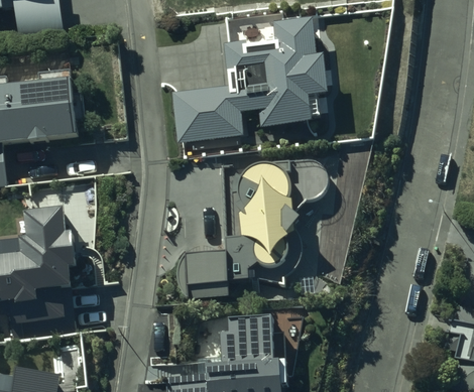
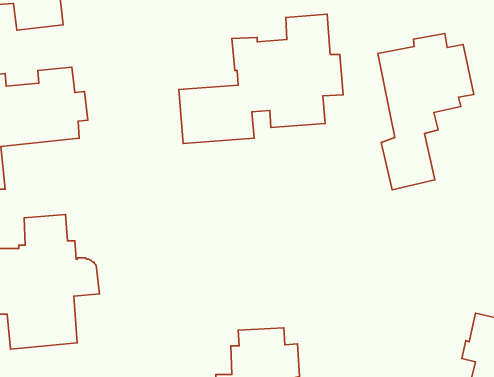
building: none -> [378,33,474,190]
building: [175,159,328,297] -> none

